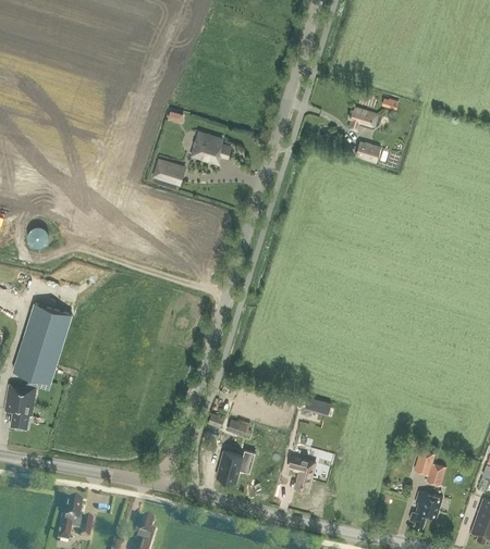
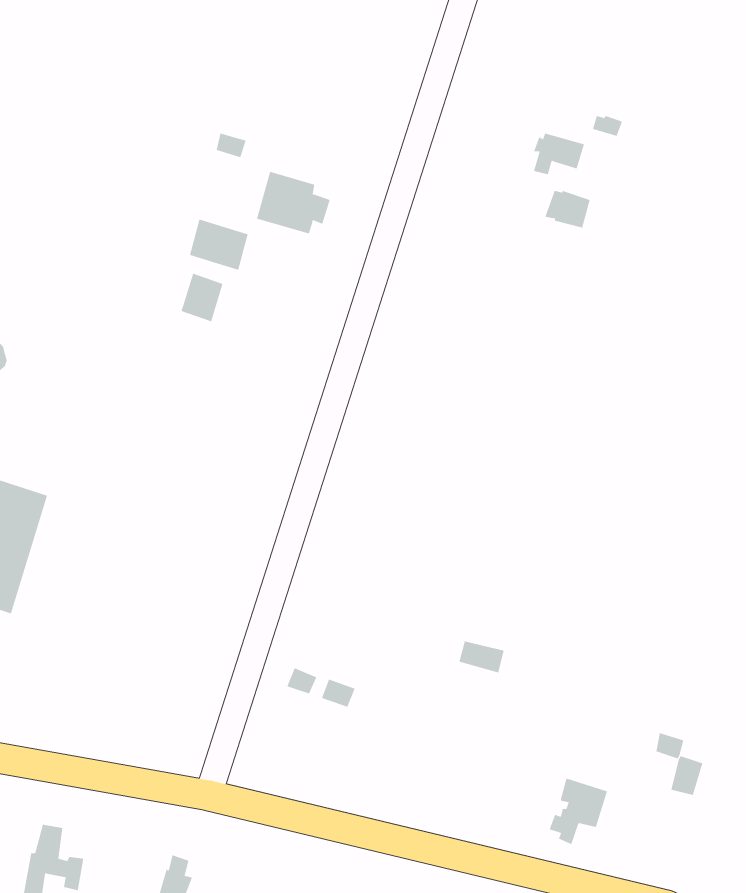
building: none -> [181,273,223,322]
building: [216,449,255,482] -> none
building: [287,456,315,490] -> none
building: [408,490,442,528] -> [549,778,608,845]

